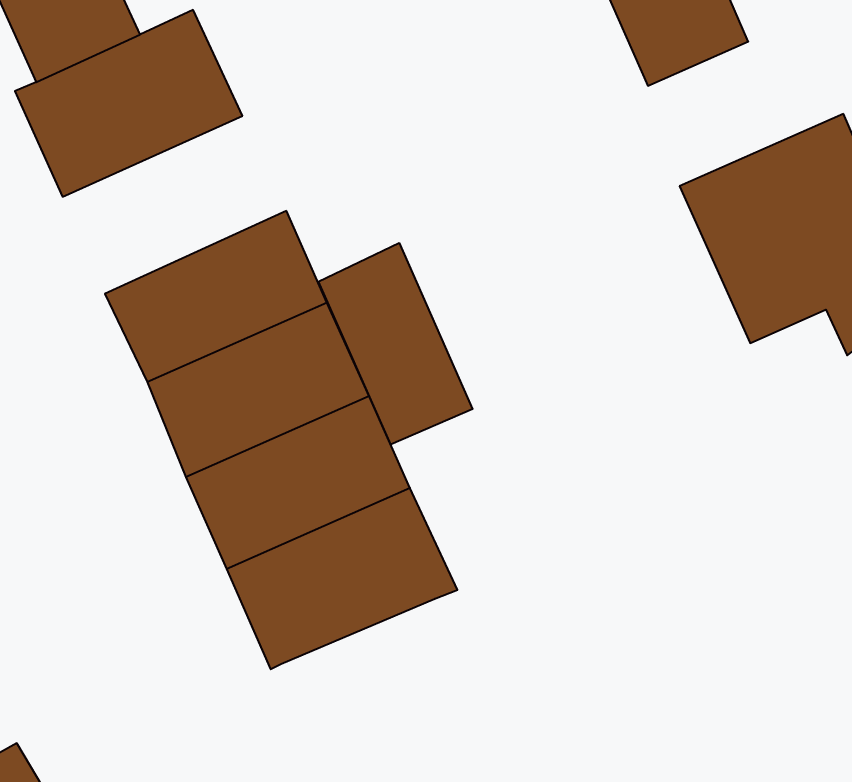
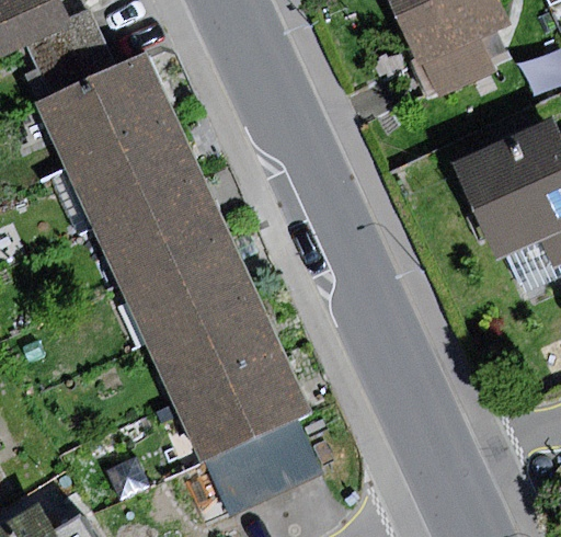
building: none -> [67,118,206,229]
building: [319,243,473,444] -> none
building: none -> [203,419,321,514]

